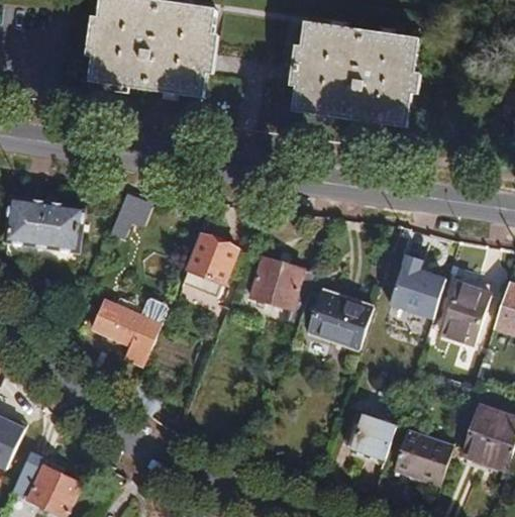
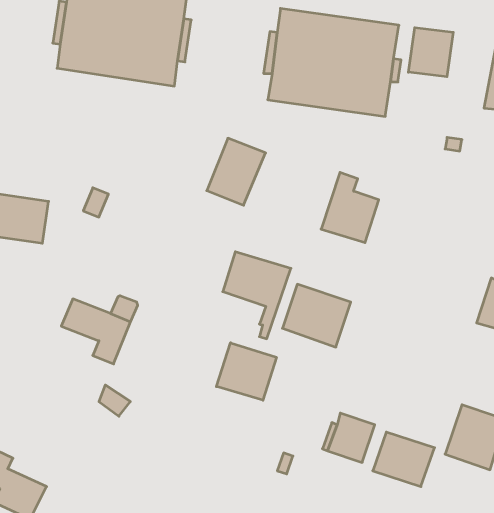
building: none -> [408,28,453,77]
building: [182,233,238,298] -> [207,138,266,205]
building: [390,252,445,320] -> [321,172,379,243]
building: [439,282,491,343] -> none
building: none -> [216,343,276,400]

